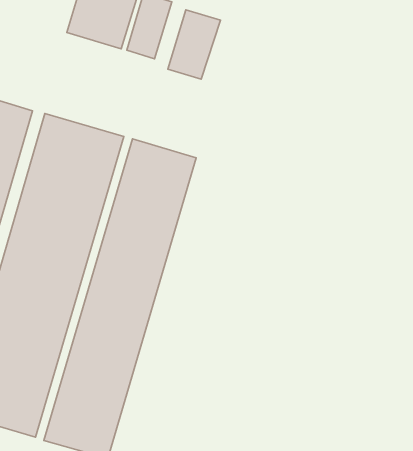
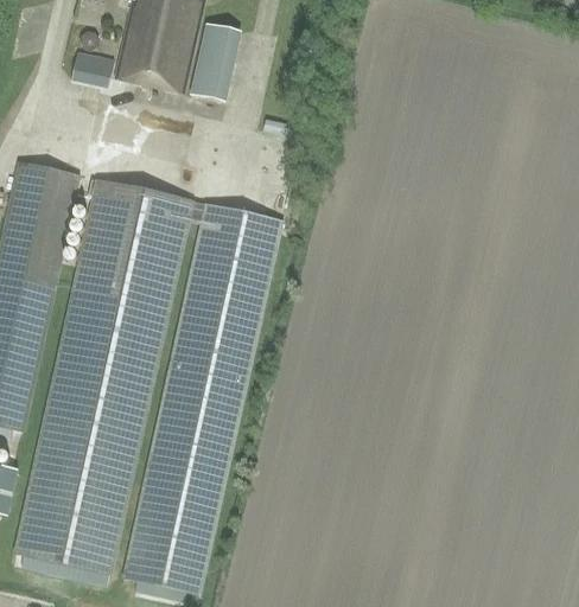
building: none -> [71,51,114,84]
building: [168,10,220,79] -> none

